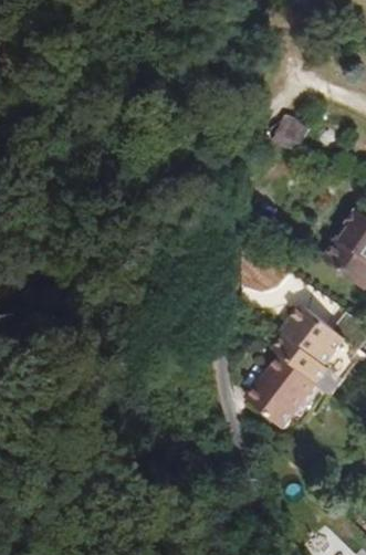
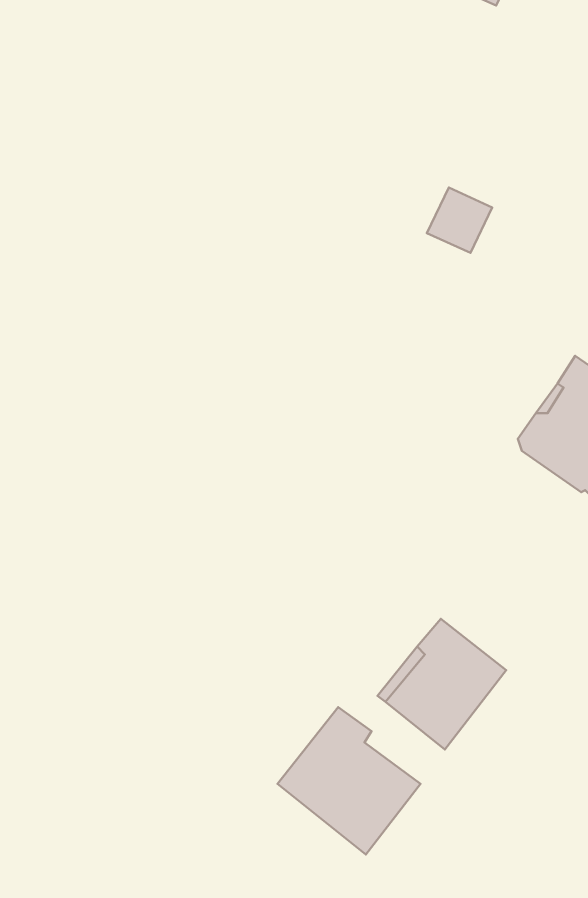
building: [274,303,343,380] -> none
building: none -> [278,707,421,855]

